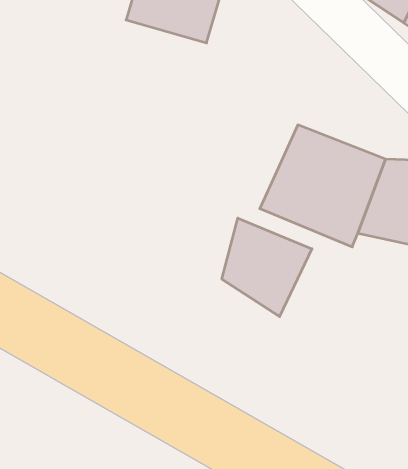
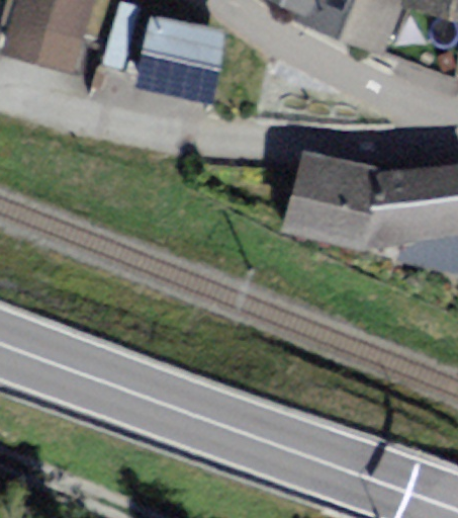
building: [222,218,312,317] -> none

